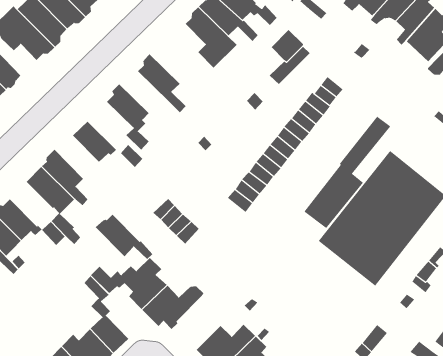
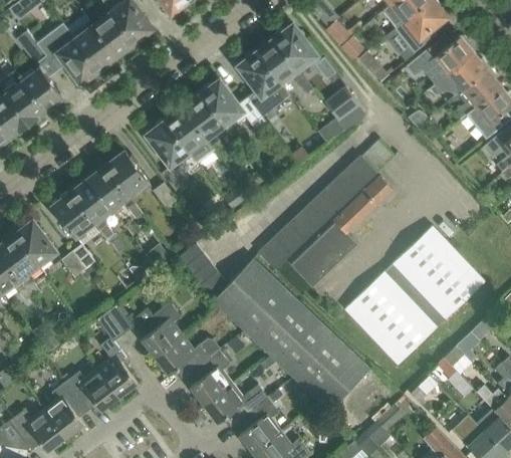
building: none -> [198,80,266,130]
building: none -> [163,108,215,164]
building: [304,116,391,229] -> [291,177,394,286]
building: none -> [213,258,370,412]
building: [95,214,153,260] -> [86,166,143,218]
building: none -> [189,350,233,405]

